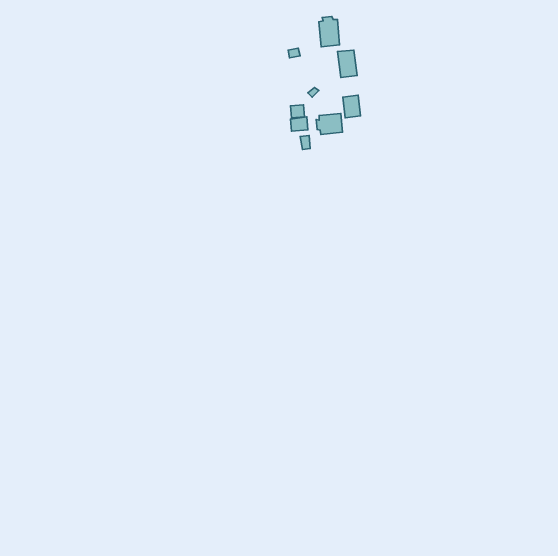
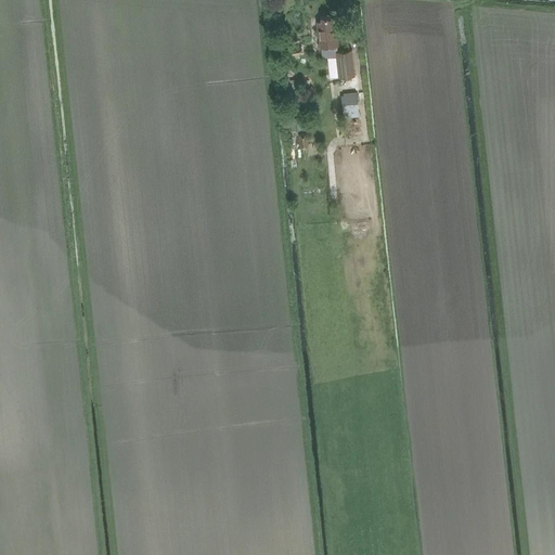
building: [316,113,342,135] -> none

